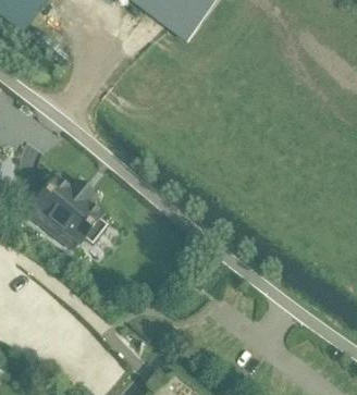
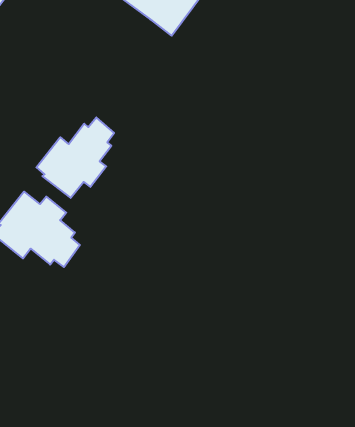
building: none -> [36,117,114,198]

